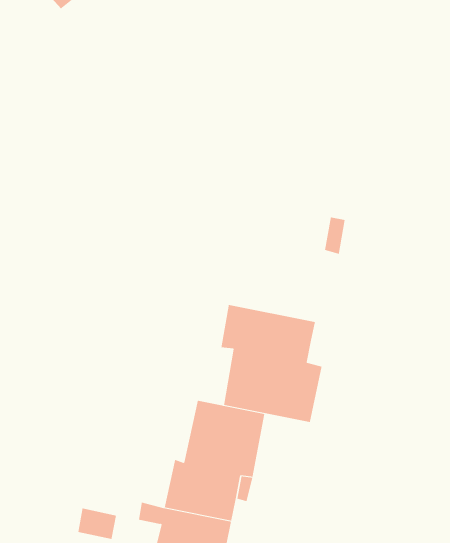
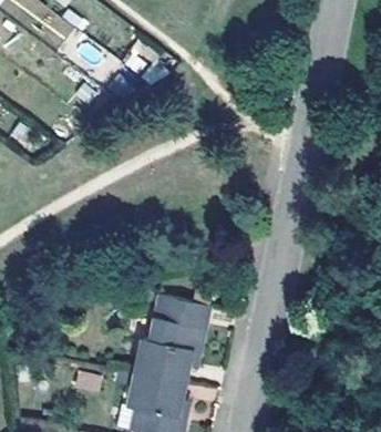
building: [221,304,322,423] -> none

